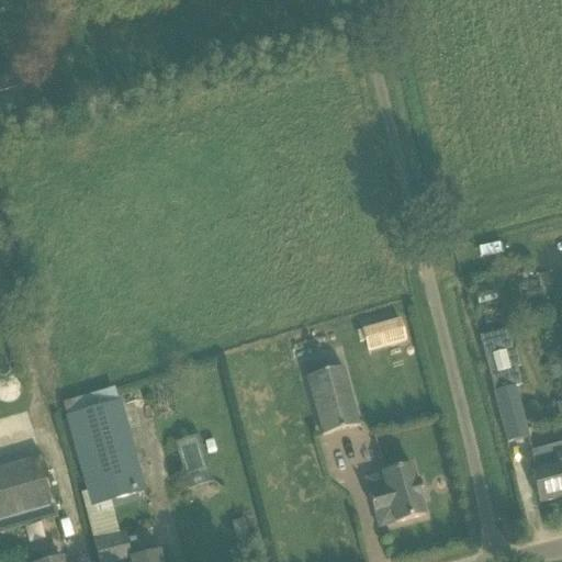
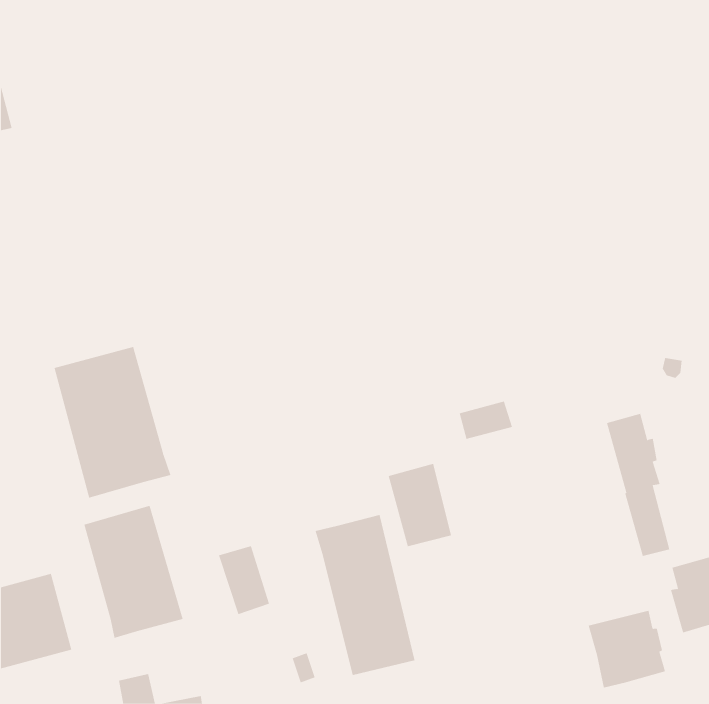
building: none -> [54,346,171,499]
building: none -> [315,514,415,676]
building: [364,463,426,525] -> [588,610,666,688]

